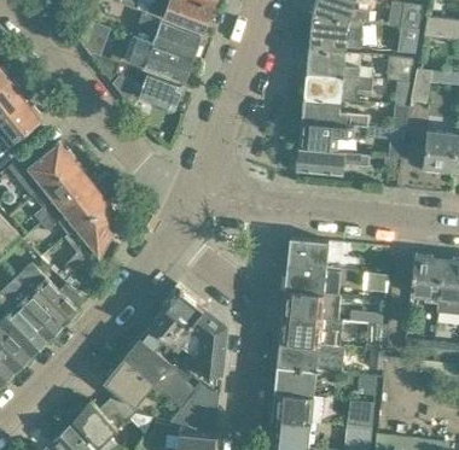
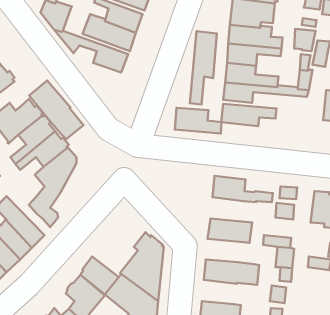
building: none -> [190,31,217,104]
building: none -> [29,81,83,139]
building: none -> [175,108,222,134]
building: [284,264,341,296] -> none
building: [136,287,203,364] -> none
building: [278,316,342,347] -> none
building: [273,367,316,397] -> none

